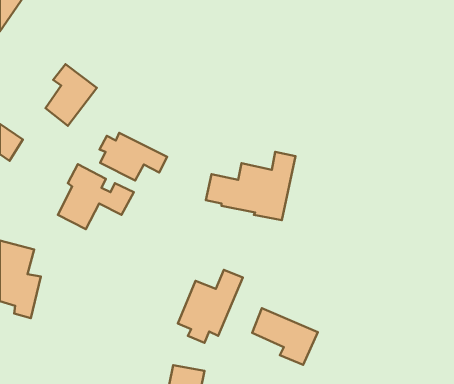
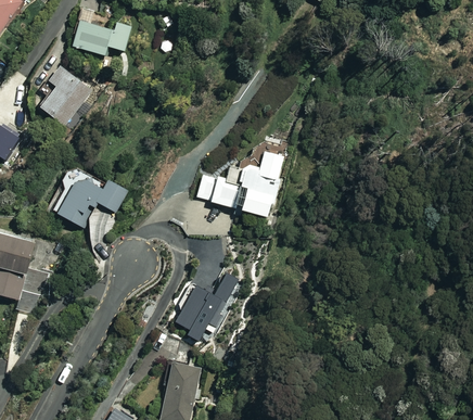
building: none -> [76,22,135,59]
building: [100,133,167,180] -> none
building: [252,308,318,365] -> none

